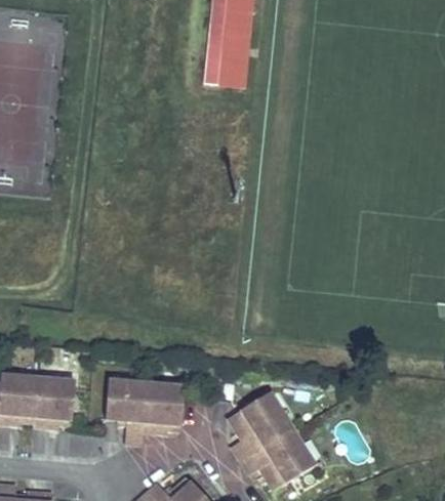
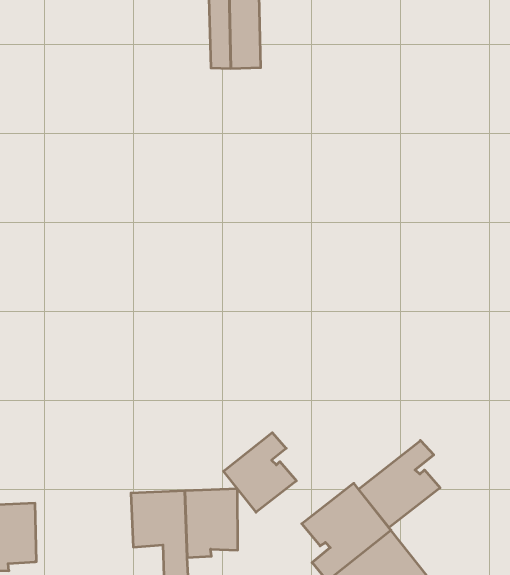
building: none -> [224,433,296,512]
building: none -> [359,440,440,528]
building: [34,378,77,427] -> none

